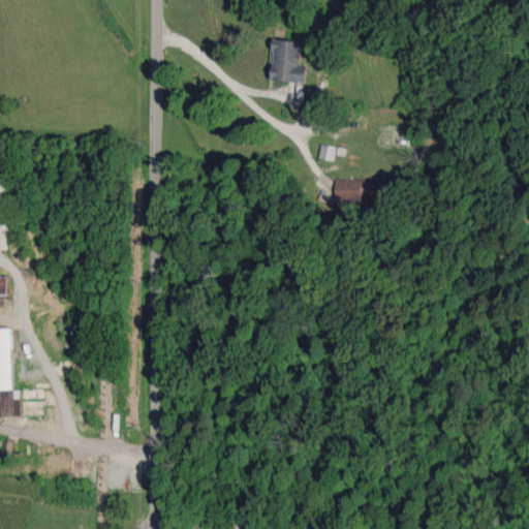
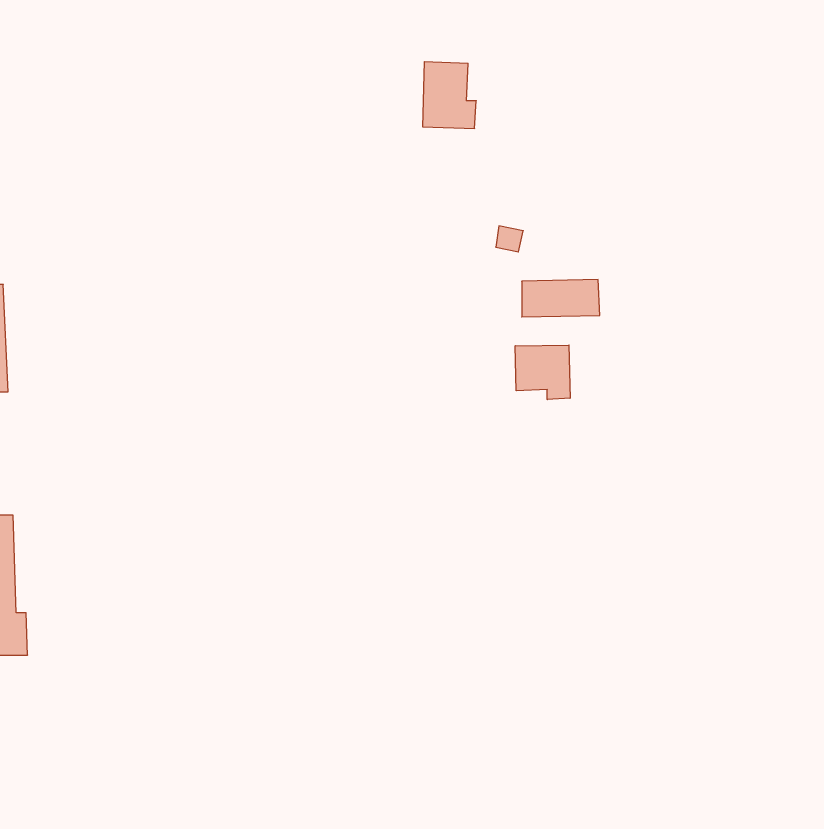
building: none -> [515,345,570,400]

